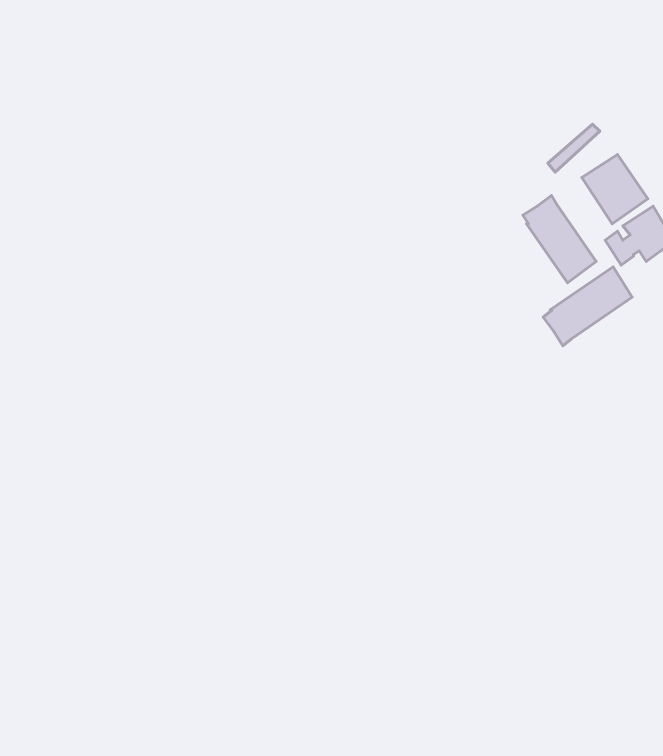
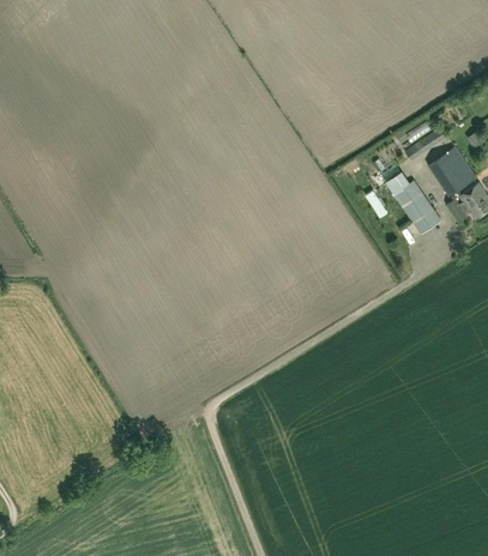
building: [543,267,632,346] -> none

